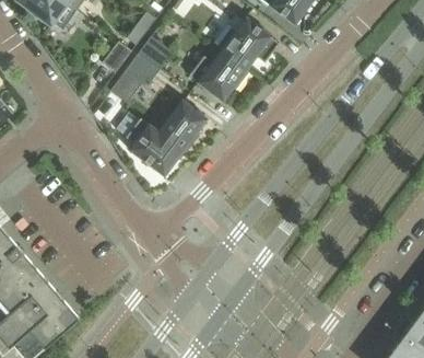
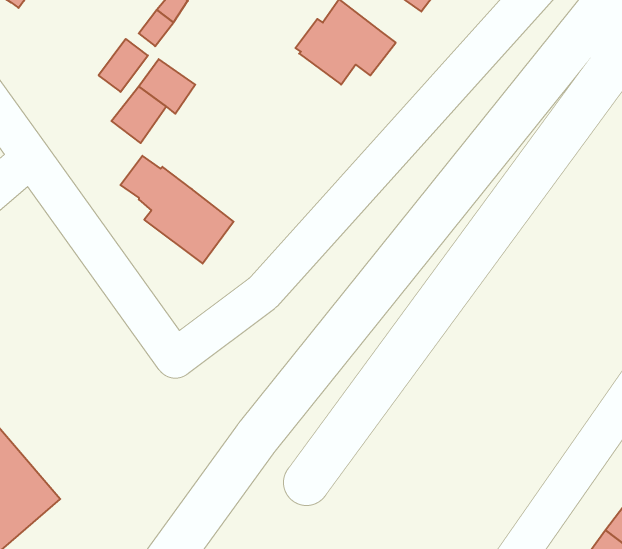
building: [138,35,173,68] -> none
building: [189,49,248,101] -> none
building: [157,100,207,151] -> none

